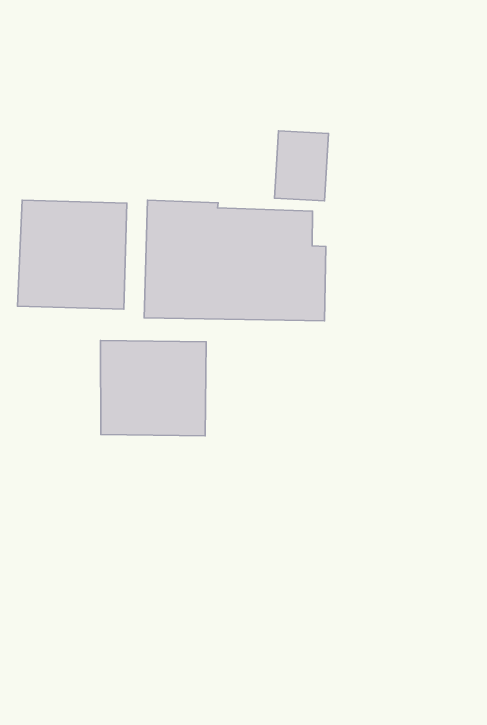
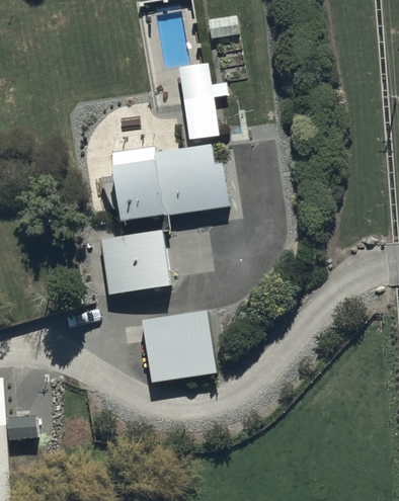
building: [18,200,127,309] -> none
building: none -> [142,310,215,382]

